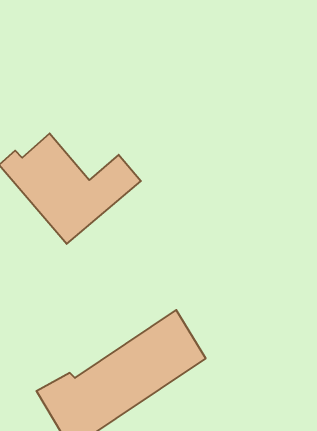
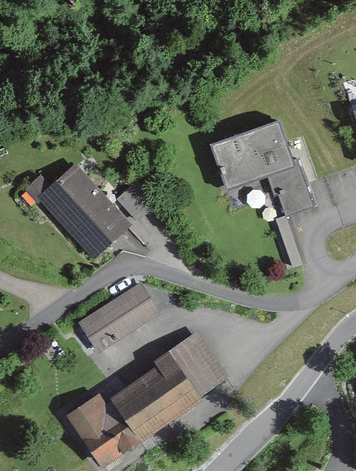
building: none -> [210,125,320,221]
building: none -> [81,280,165,349]

